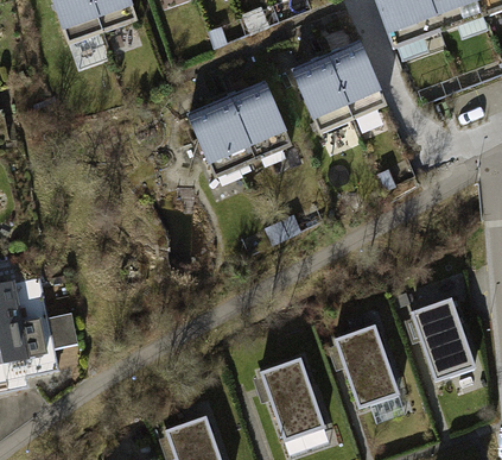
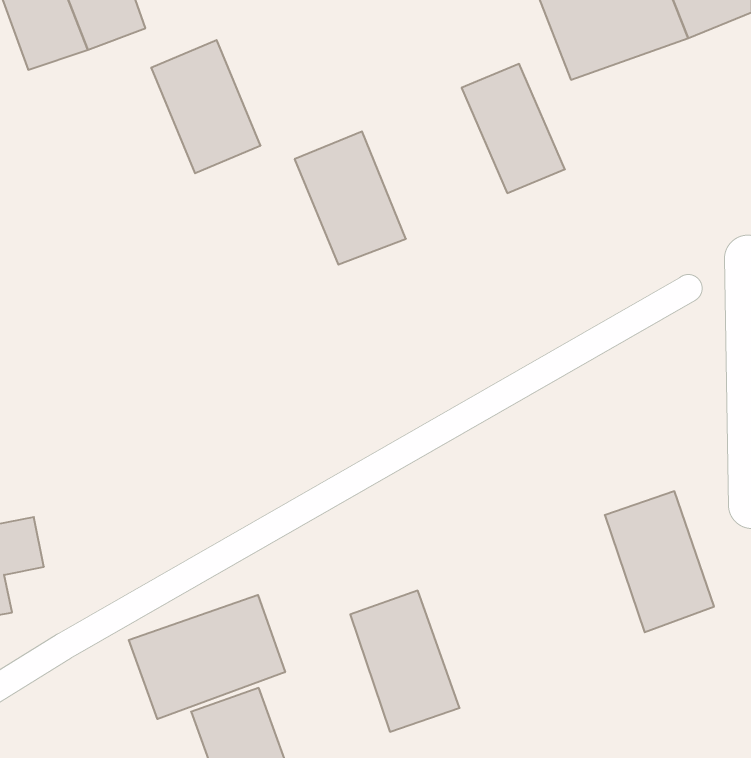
building: [293,56,354,133] -> none
building: [188,99,253,178] -> [151,40,261,173]
building: [335,326,400,410] -> none
building: none -> [129,595,285,719]

